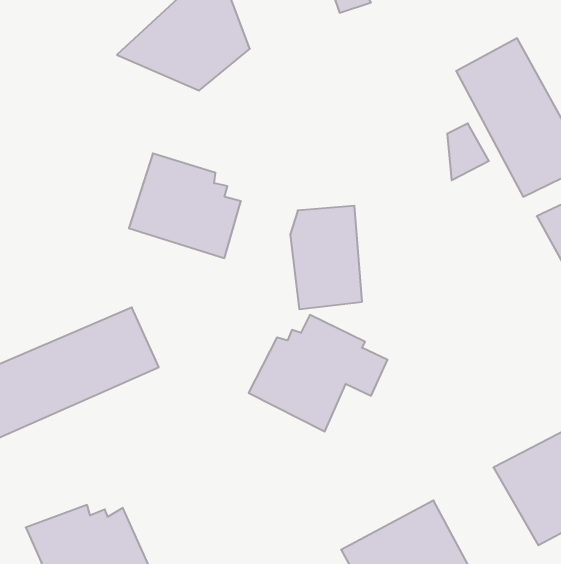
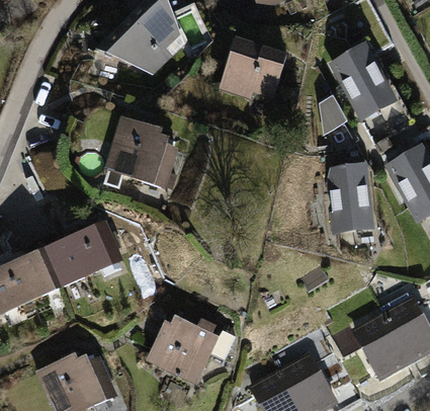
building: none -> [218,37,288,98]
building: [290,206,362,309] -> [325,163,373,233]
building: [249,315,388,432] -> [146,307,240,386]

